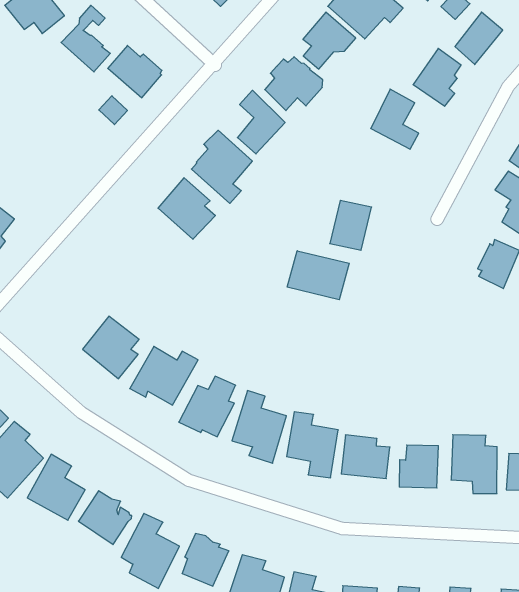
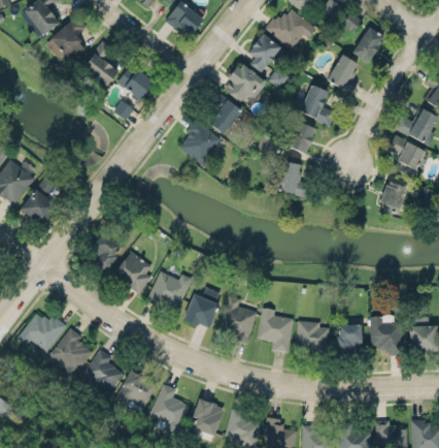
building: none -> [288,121,315,154]
building: [158,178,215,239] -> none
building: [287,251,349,300] -> none
building: none -> [88,232,123,270]

